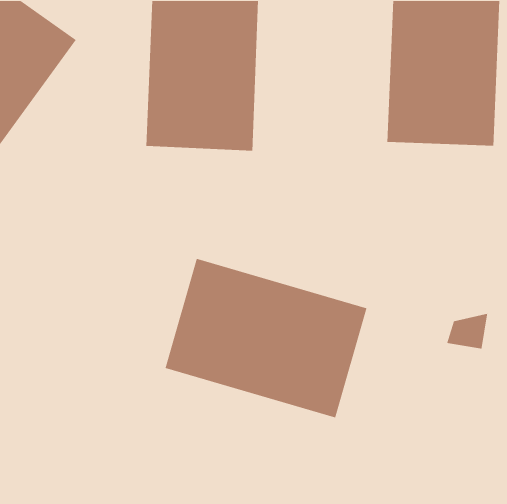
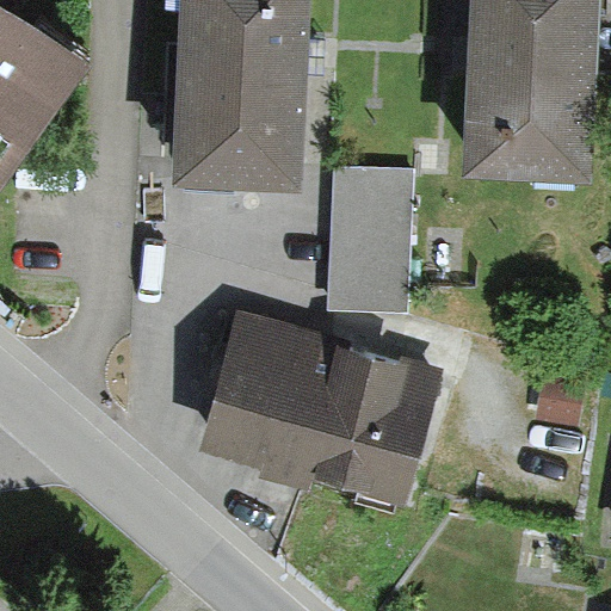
building: none -> [326,167,414,313]

